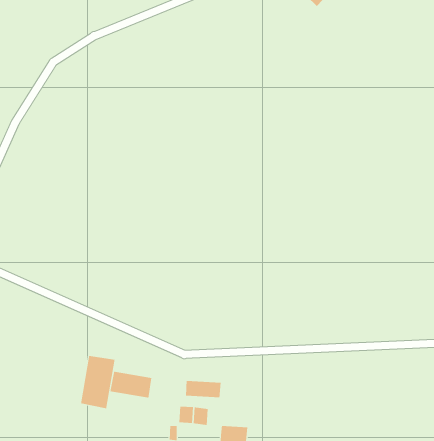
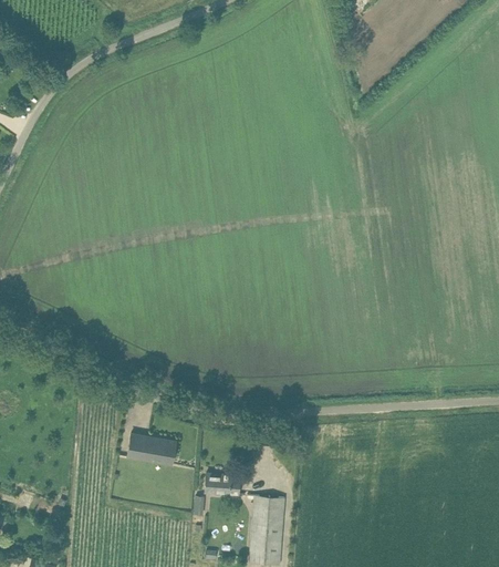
building: [81,355,115,409] -> none
building: [186,380,221,398] -> none

